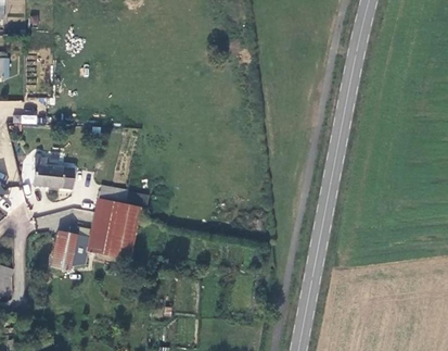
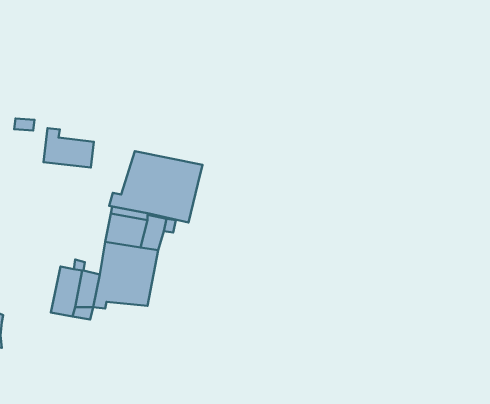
building: none -> [109,151,203,222]
building: [33,156,73,188] -> [43,128,94,168]

